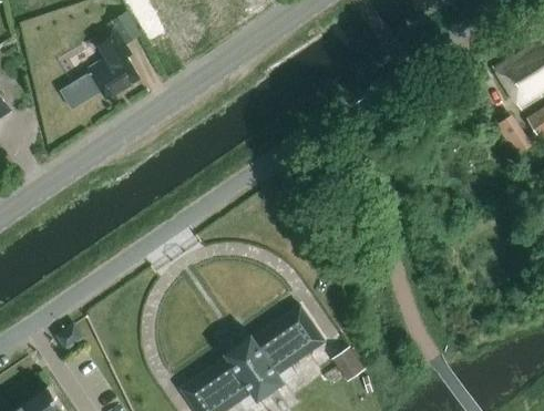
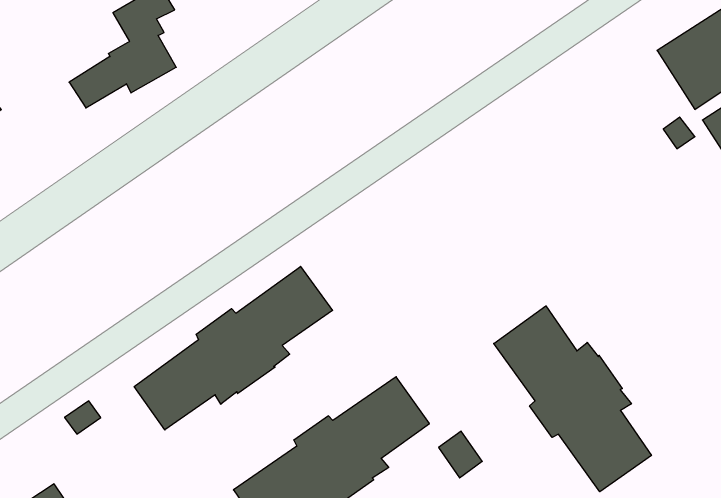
building: none -> [134,266,333,430]
building: none -> [494,306,651,492]

